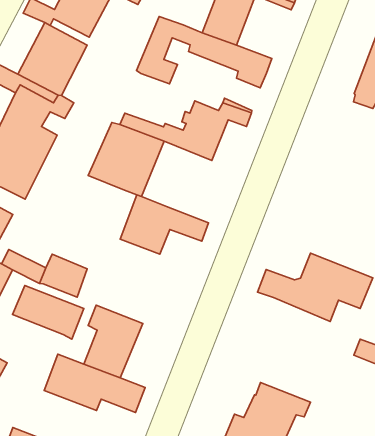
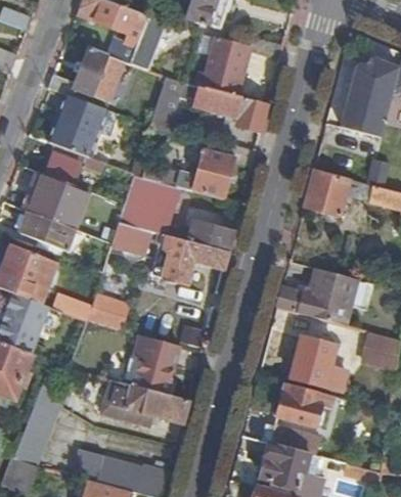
building: none -> [303,170,350,216]
building: none -> [110,222,151,255]
building: none -> [189,220,233,252]
building: [12,286,84,339] -> none
building: none -> [292,338,349,391]

